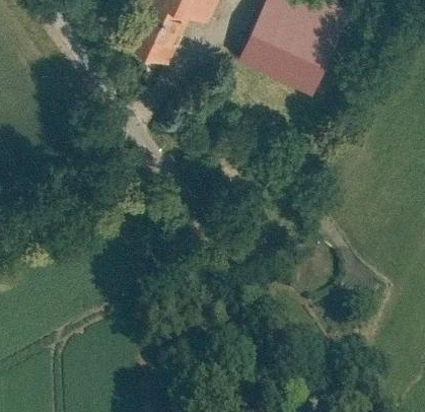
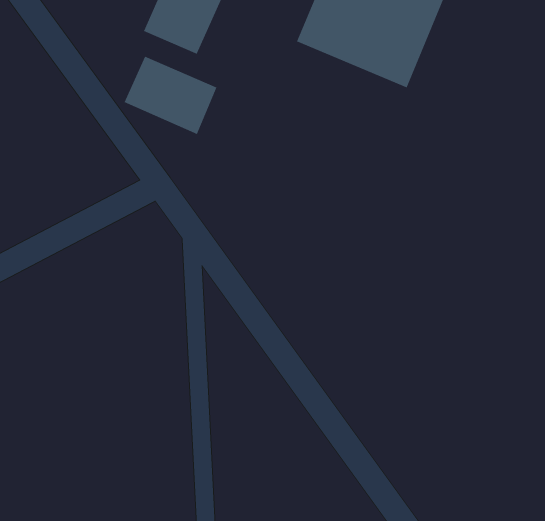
building: none -> [124,56,217,135]

